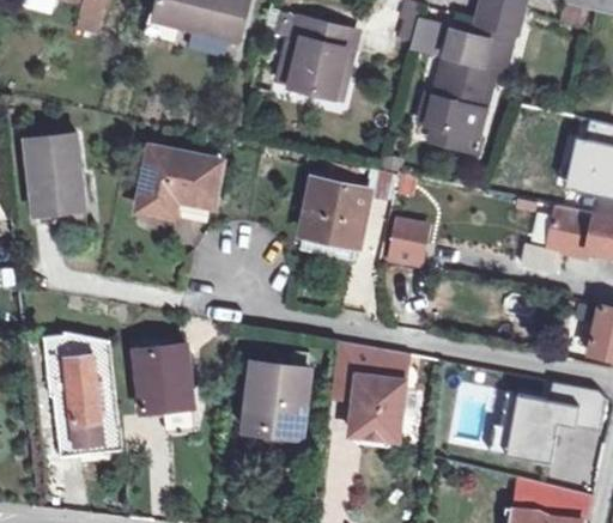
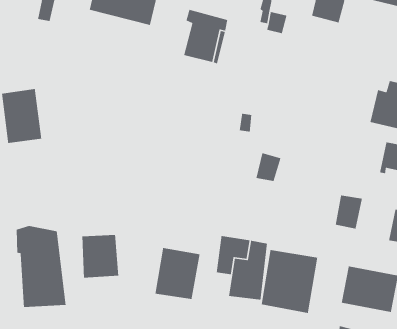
building: [427,28,508,136] -> none
building: [135,146,217,215] -> none
building: [303,180,366,243] -> none
building: [544,203,584,255] -> [335,194,363,229]
building: none -> [261,249,318,314]

